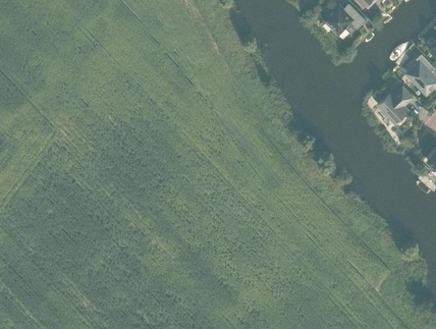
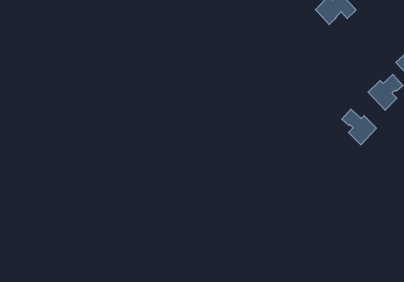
building: none -> [342,109,376,145]

